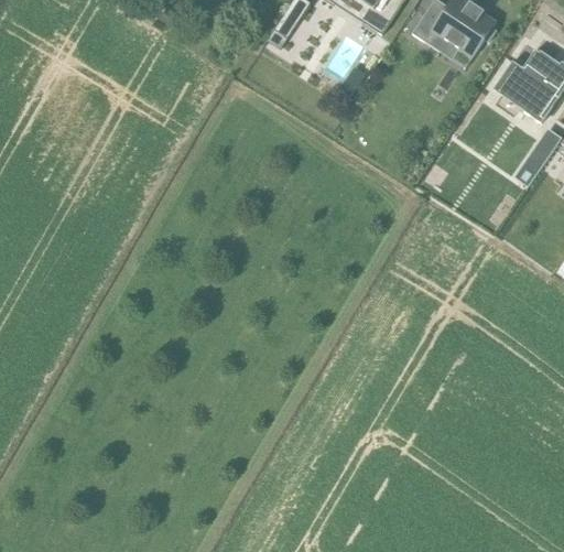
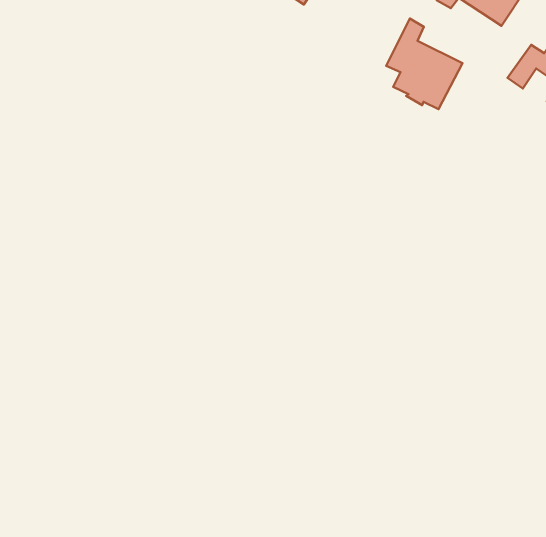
building: none -> [386,19,463,109]

